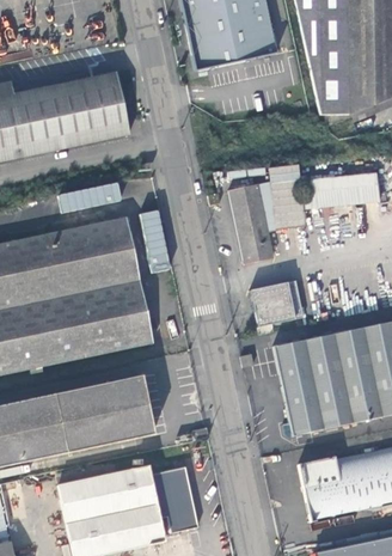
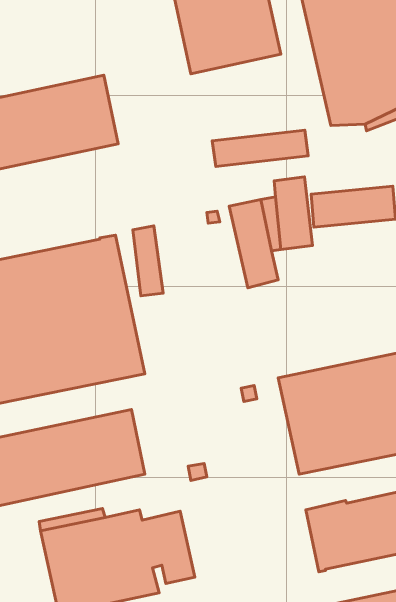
building: none -> [212,130,308,166]
building: [59,181,123,212] -> none
building: [251,282,295,325] -> none

